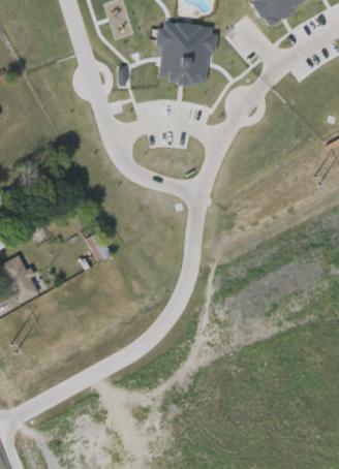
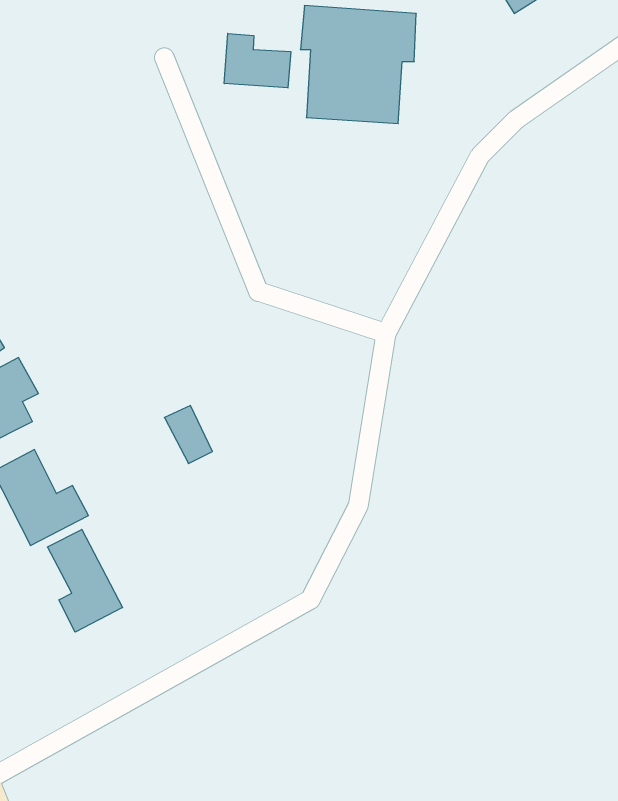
building: none -> [224,33,291,88]
building: none -> [47,529,123,632]

